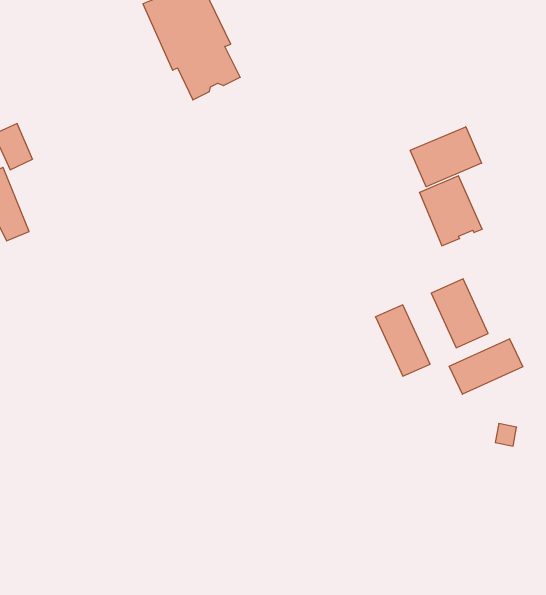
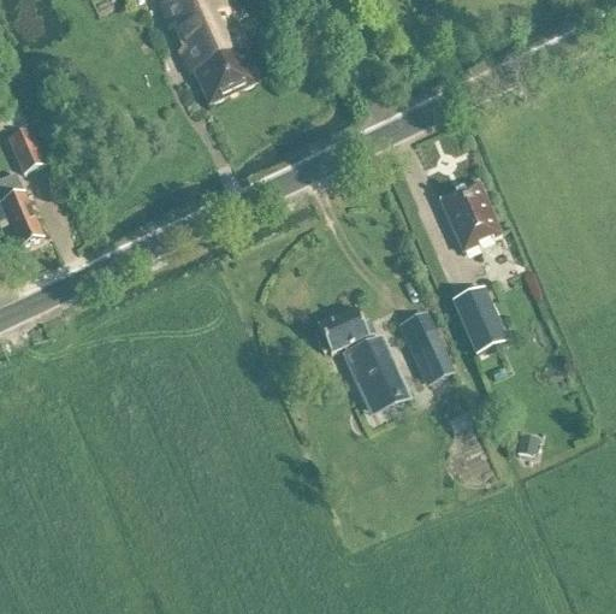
building: [410,127,482,187] -> none
building: none -> [316,307,405,407]
building: [449,339,523,394] -> none

